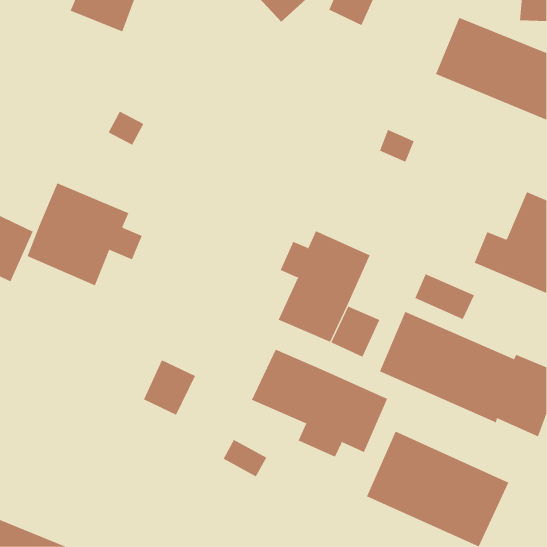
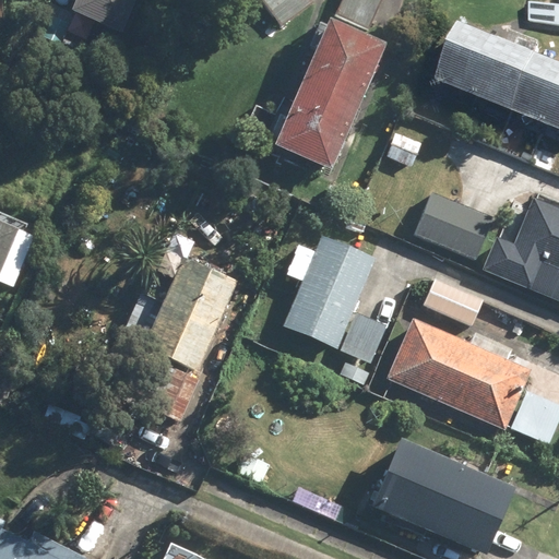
building: none -> [276,24,385,171]
building: [27,182,142,286] -> none
building: none -> [409,189,491,259]
building: none -> [140,253,250,372]
building: [251,349,388,457] -> none

